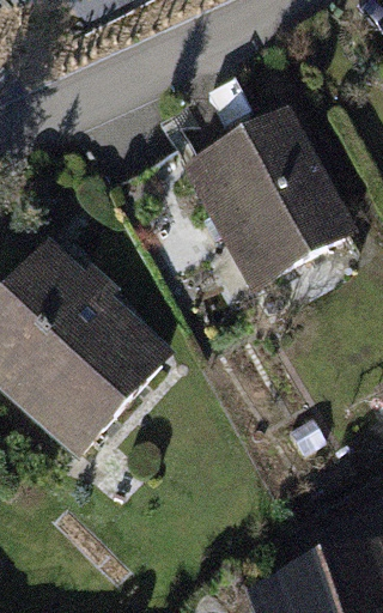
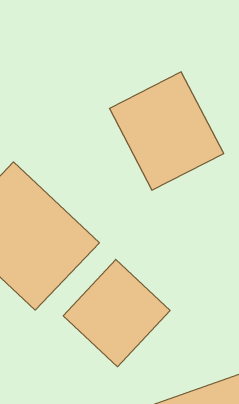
building: none -> [63,259,170,367]

